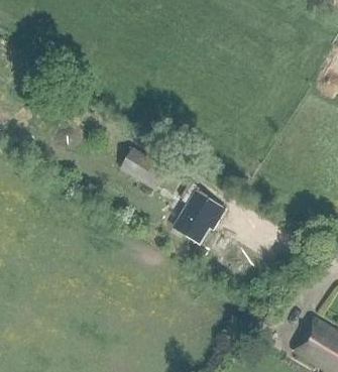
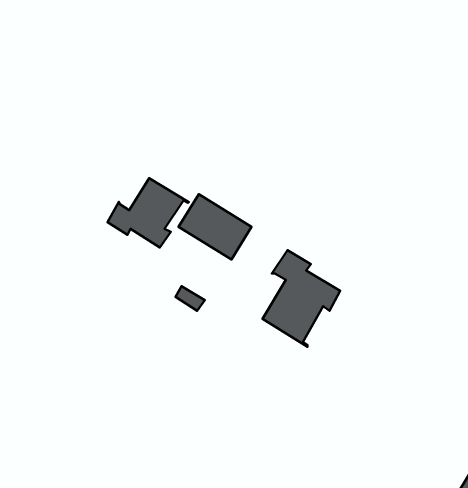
building: none -> [107,178,189,248]

